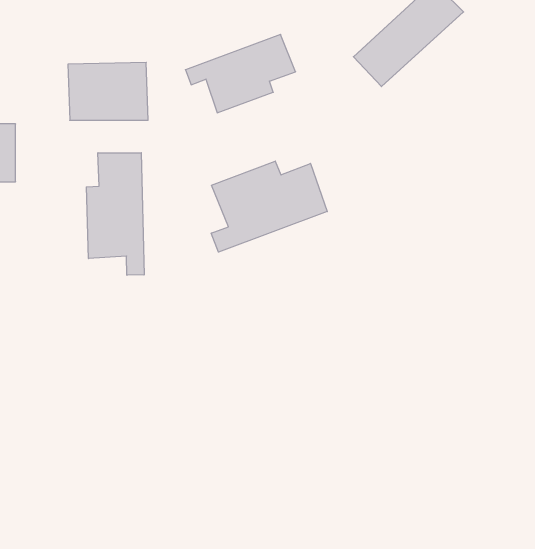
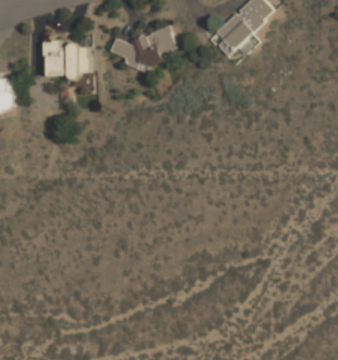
building: [86,153,144,275] -> none
building: [211,161,327,252] -> none

